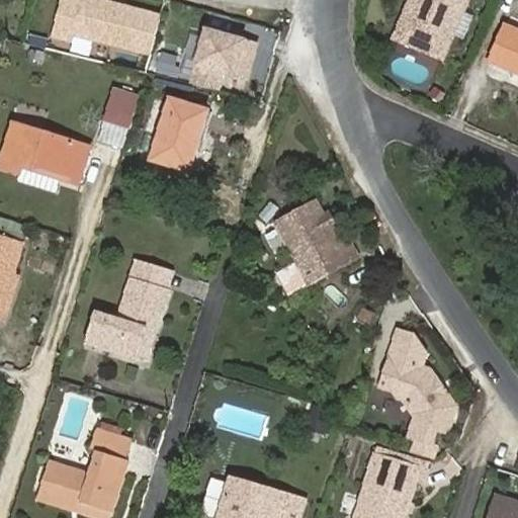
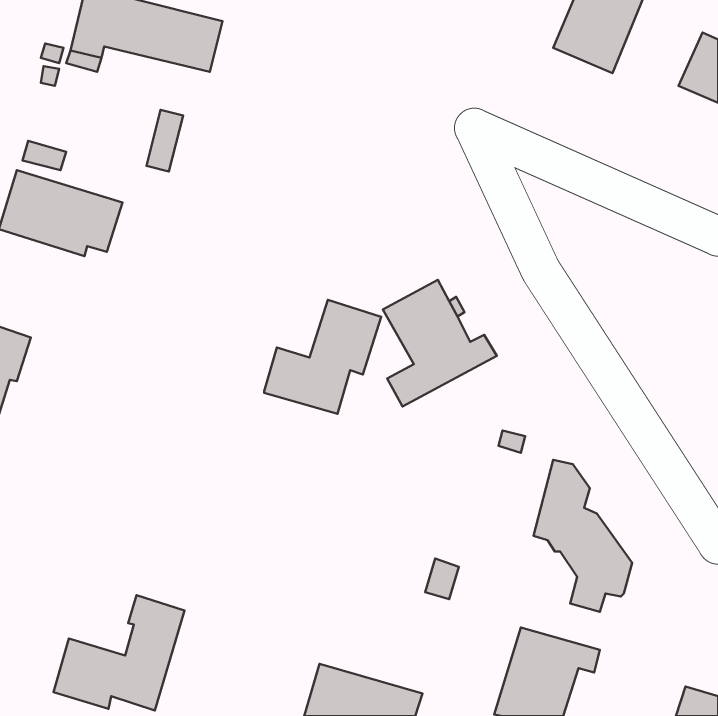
building: [192,27,261,89] -> none
building: [124,95,207,179] -> none
building: [85,273,169,355] -> [264,300,381,414]

